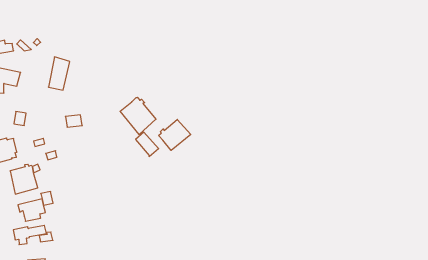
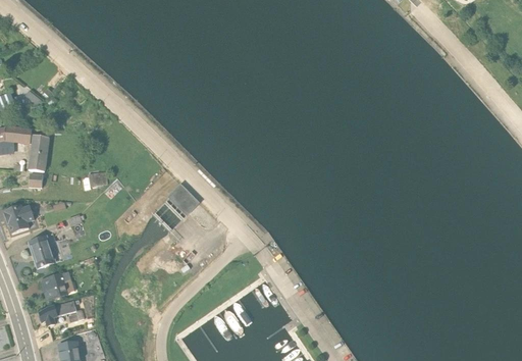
building: [48,57,70,90] -> [27,133,49,170]
building: [120,97,156,134] -> none
building: [159,119,191,150] -> none

